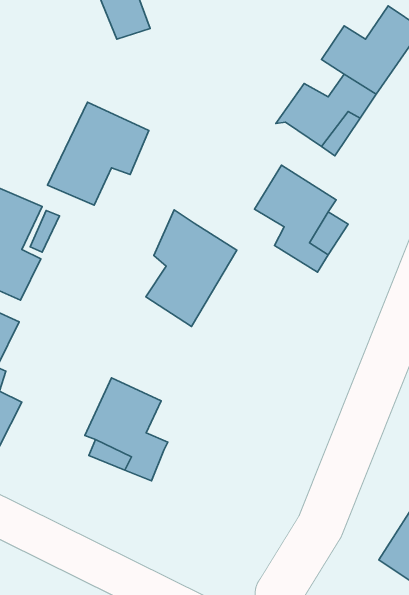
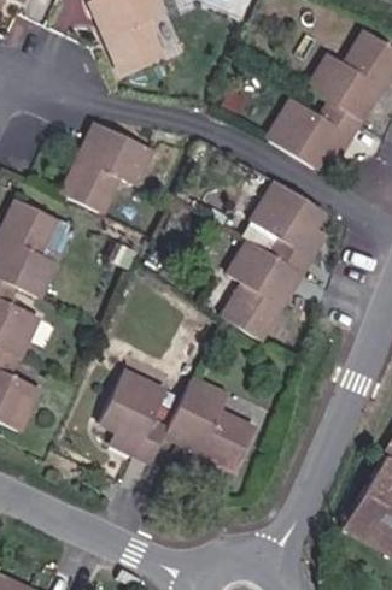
building: [146,210,237,326] -> [221,237,303,342]
building: none -> [164,378,253,467]

